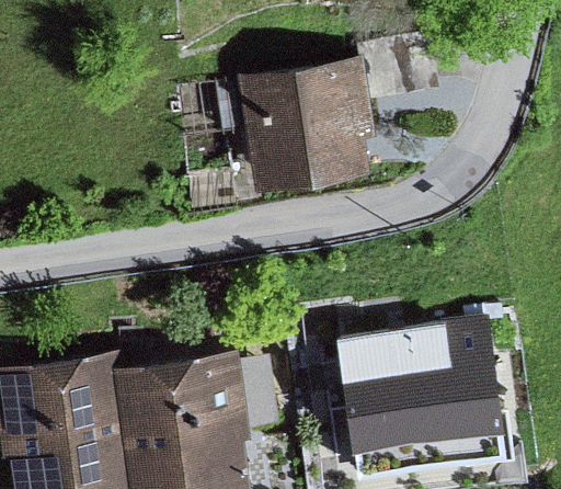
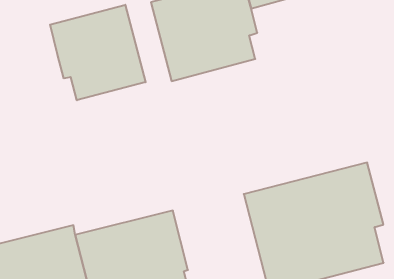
building: none -> [50,5,146,100]

